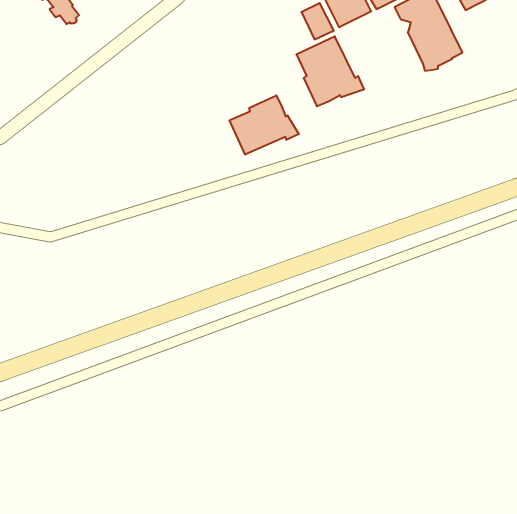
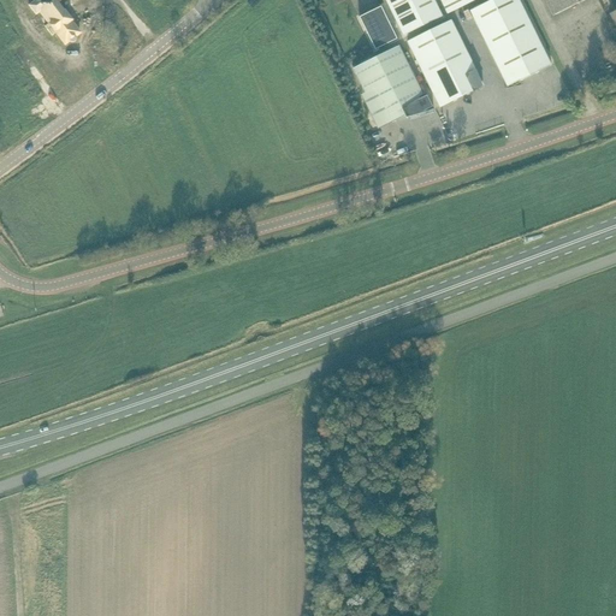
building: none -> [407,17,482,105]
building: [230,95,299,155] -> none

